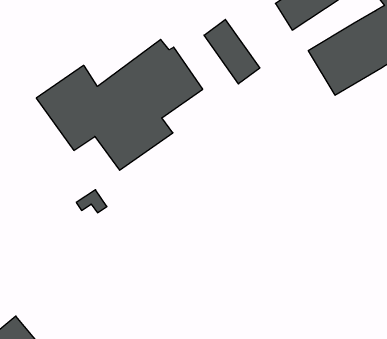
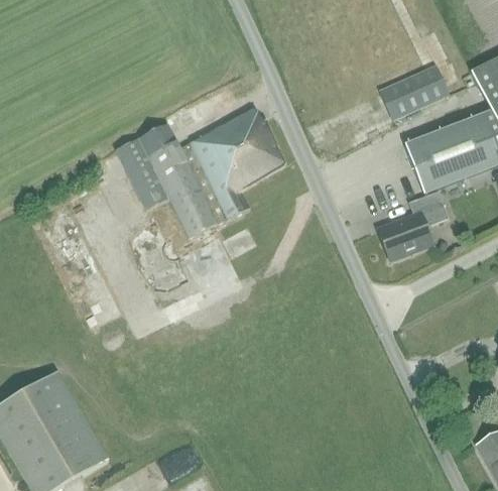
building: [204,19,260,84] -> none
building: none -> [376,191,449,262]

